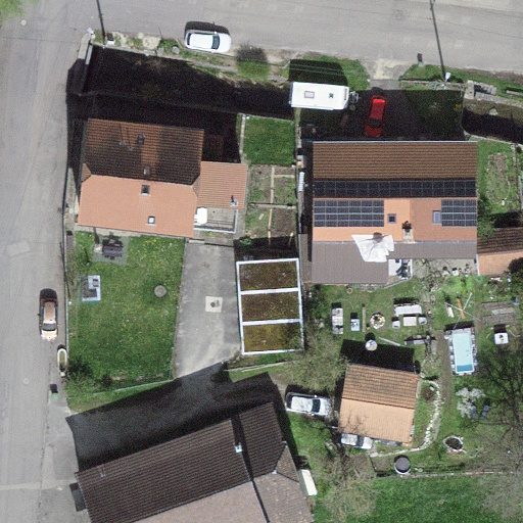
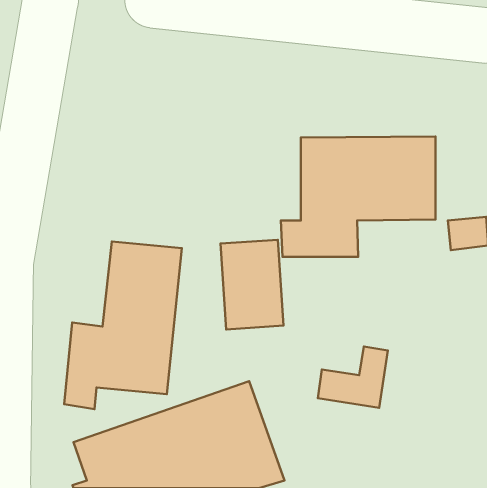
building: [81,121,241,229] -> none
building: none -> [64,241,182,409]

